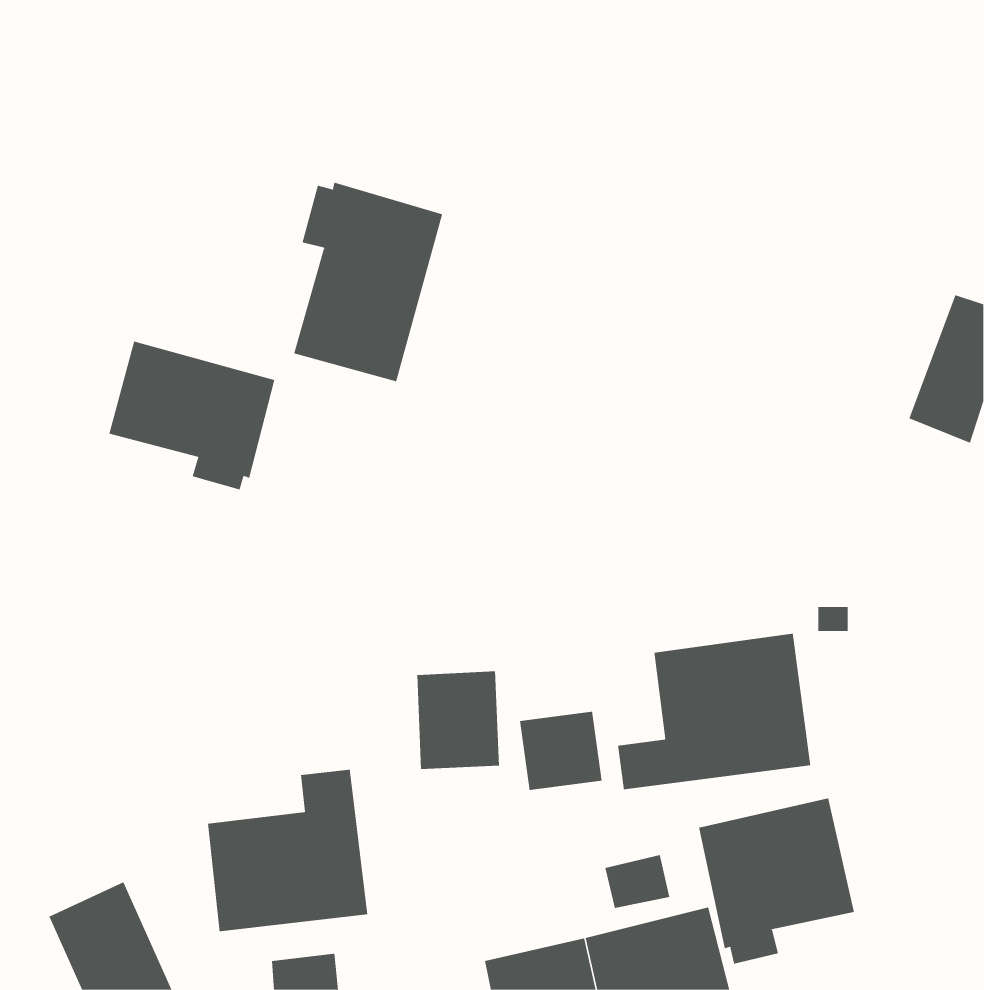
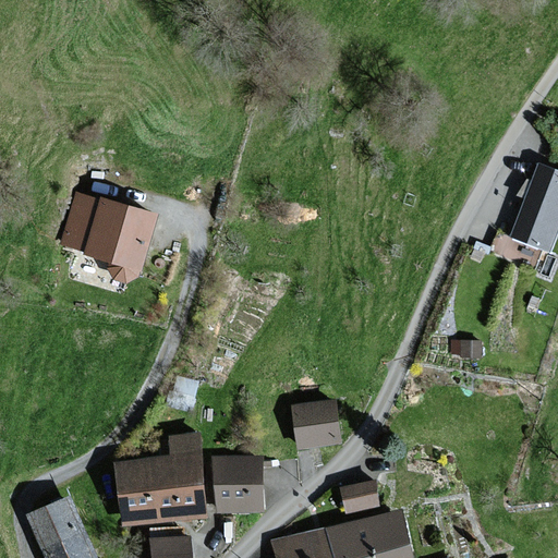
building: [293,182,443,382] -> none
building: [618,633,811,790] -> none
building: [416,671,500,770] -> [215,456,262,511]
building: [698,798,854,964] -> none

